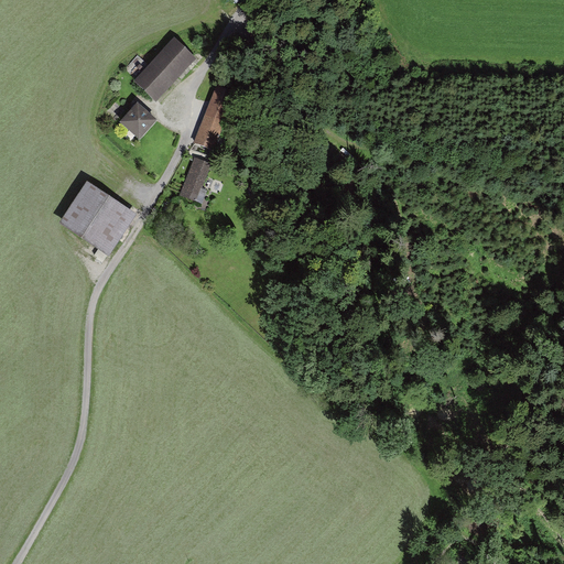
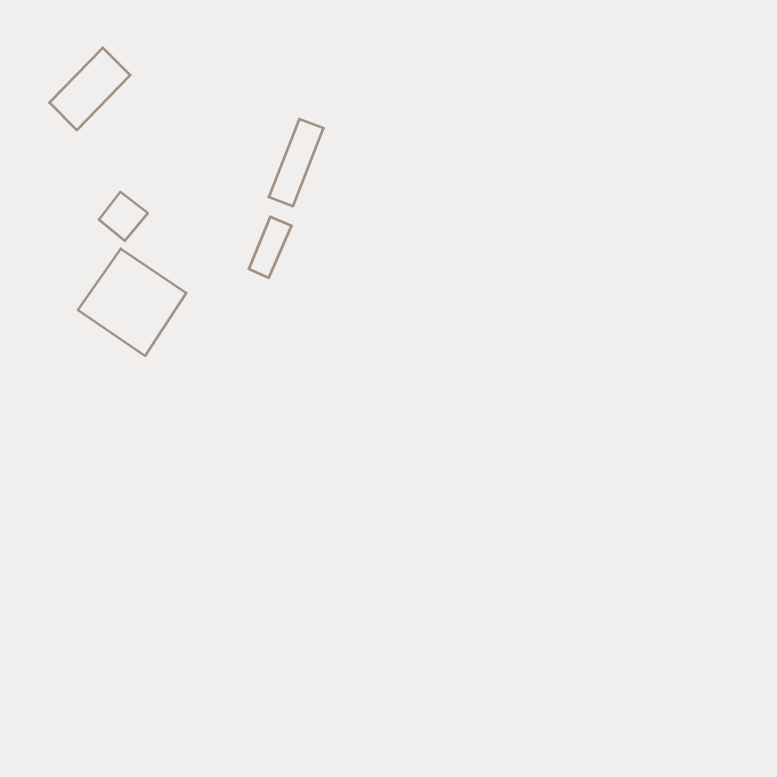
building: [135,40,194,99] -> [49,48,130,130]
building: [121,105,156,140] -> [99,192,148,241]

